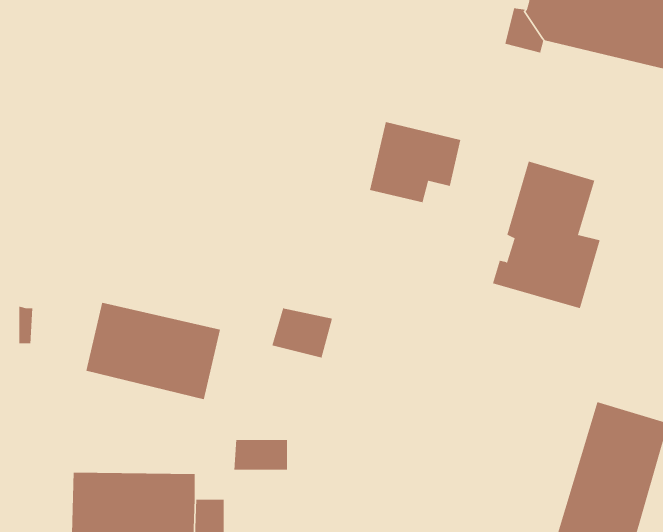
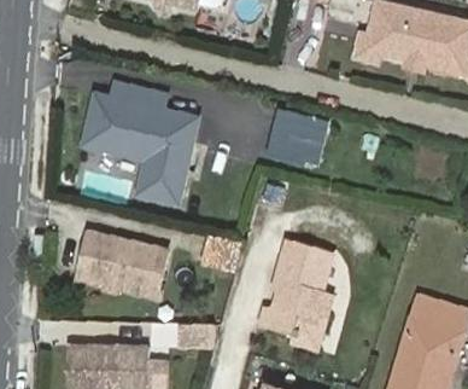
building: none -> [83,83,197,203]
building: [492,161,600,309] -> [263,240,335,339]

